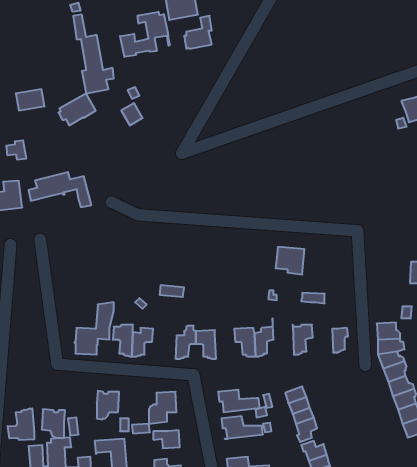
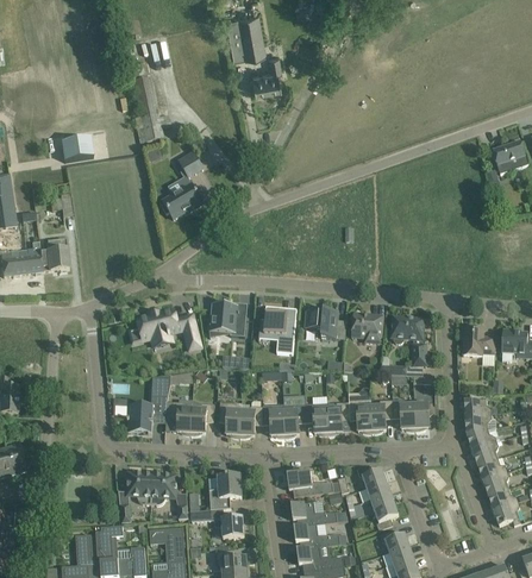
building: [120,12,170,57] -> none
building: [58,93,96,125] -> [161,183,202,219]
building: [29,172,91,207] -> [130,310,200,350]
building: none -> [208,302,246,337]
building: none -> [257,306,295,353]
building: none -> [305,309,345,339]
building: none -> [390,316,426,365]
building: none -> [461,327,495,356]
building: none -> [348,392,371,433]
building: none -> [392,398,415,431]
building: none -> [219,402,240,438]
building: none -> [283,404,306,438]
building: [8,408,34,440] -> none
building: [42,409,65,438] -> [126,472,152,504]
building: none -> [294,524,340,548]

